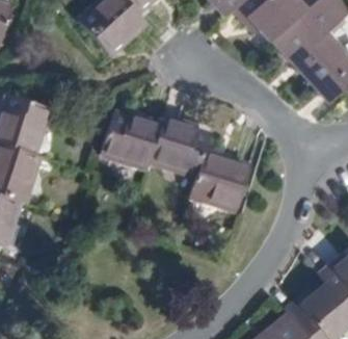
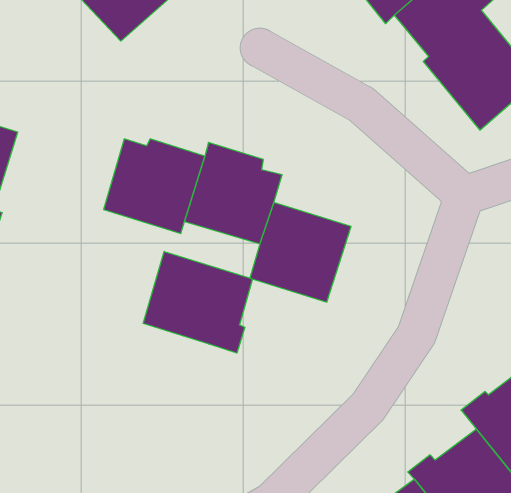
building: none -> [143,251,252,353]

